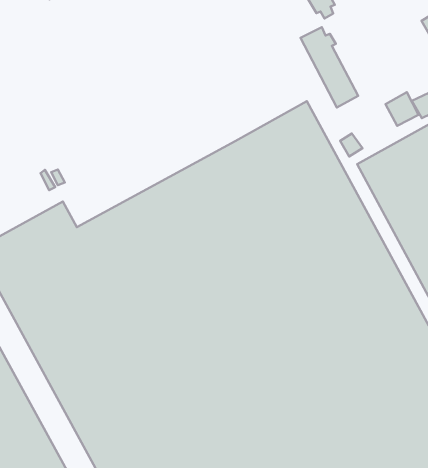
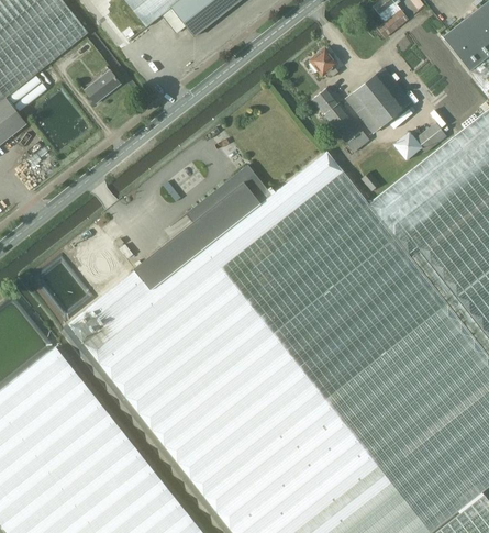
building: none -> [344,67,411,133]
building: none -> [133,165,271,291]

